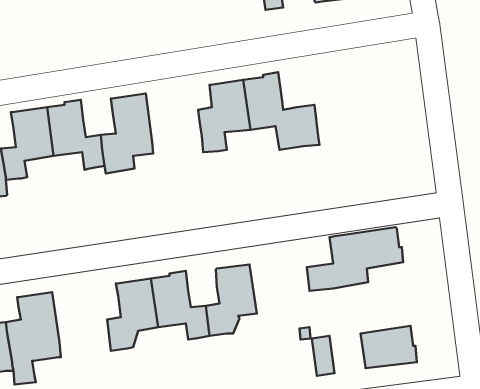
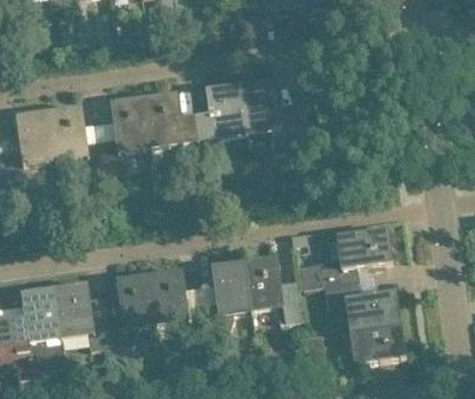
building: none -> [144,89,199,156]
building: none -> [243,253,301,319]
building: none -> [324,277,398,326]
building: none -> [54,279,110,345]

